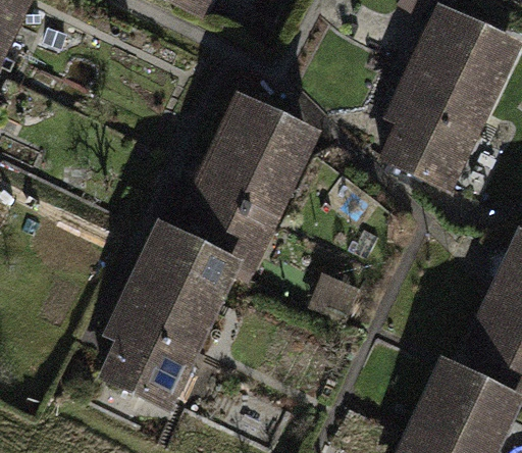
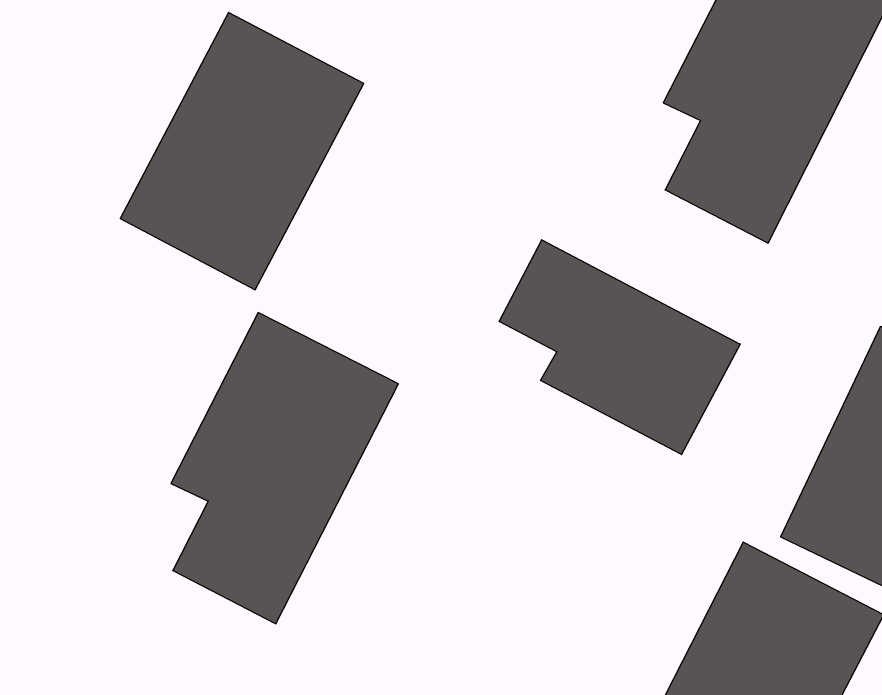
building: [184,101,323,260] -> [120,12,364,290]
building: none -> [499,240,740,455]

